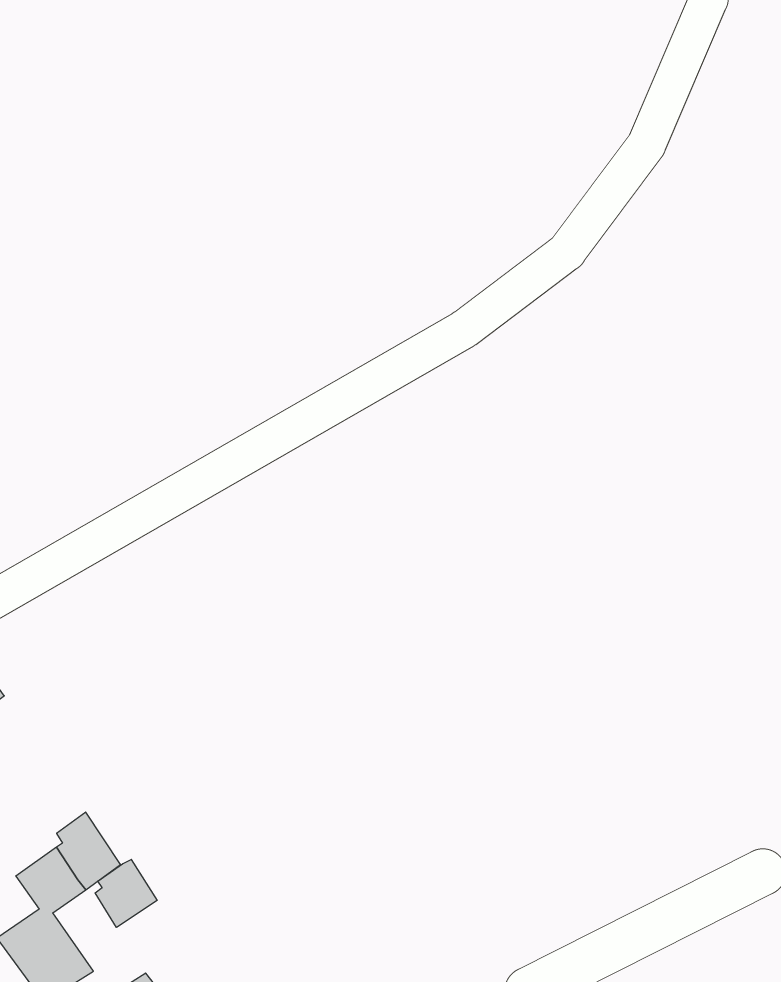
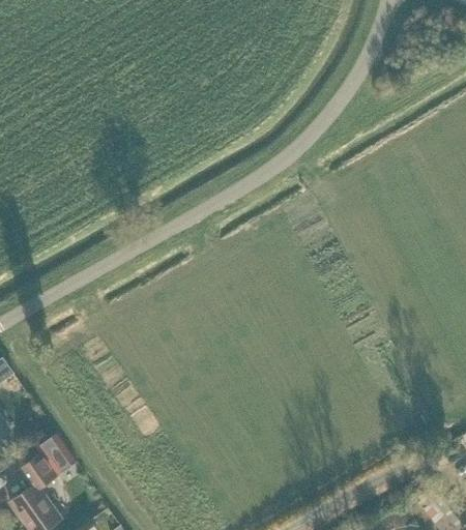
building: [95,859,157,927] -> none

